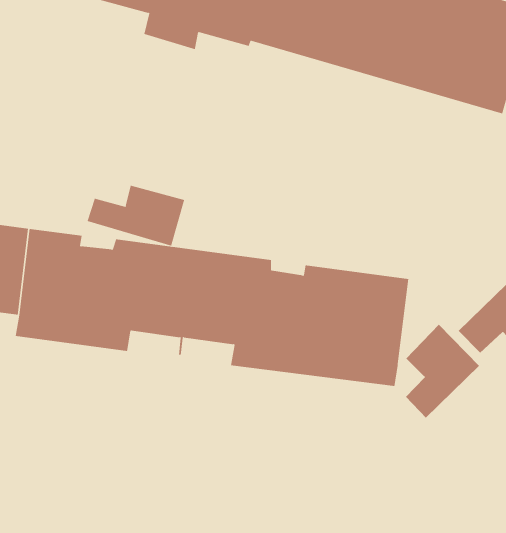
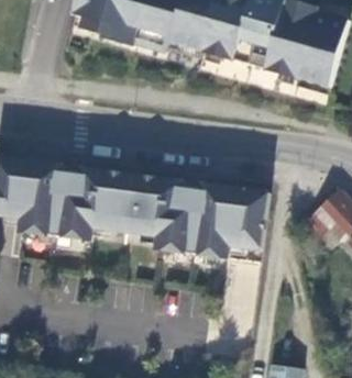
building: [87,185,185,246] -> none
building: [405,324,480,418] -> none

